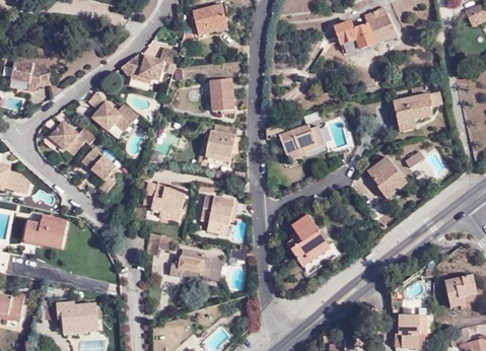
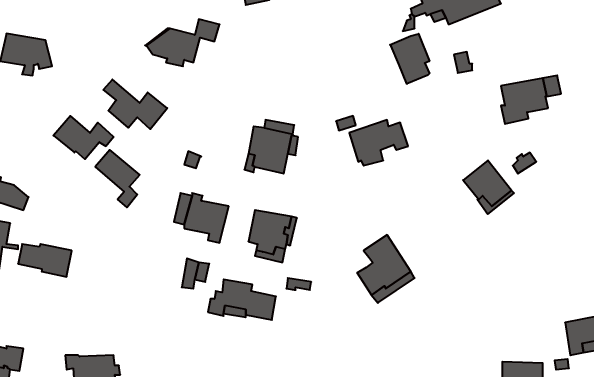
building: none -> [390,34,429,84]
building: [211,77,232,110] -> none

